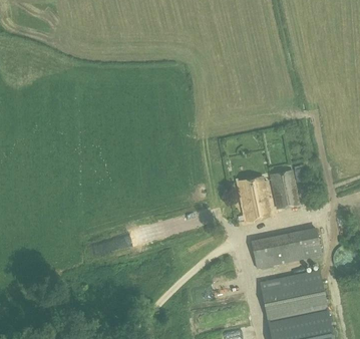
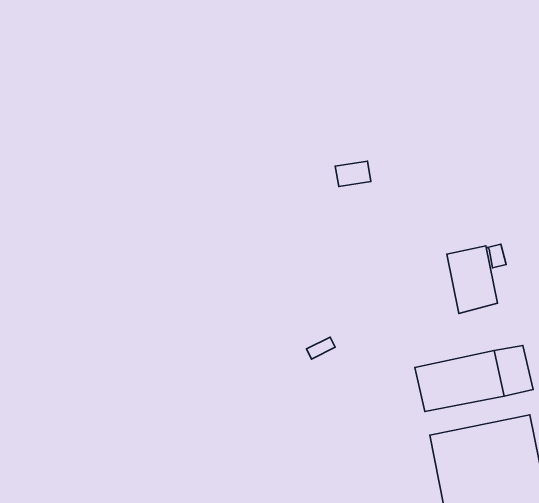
building: [238,177,270,221] -> none

